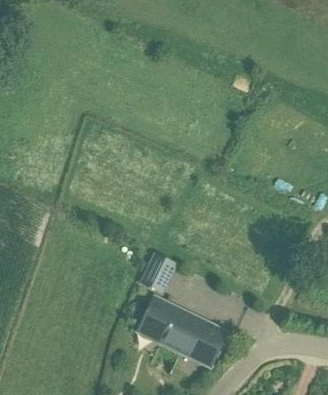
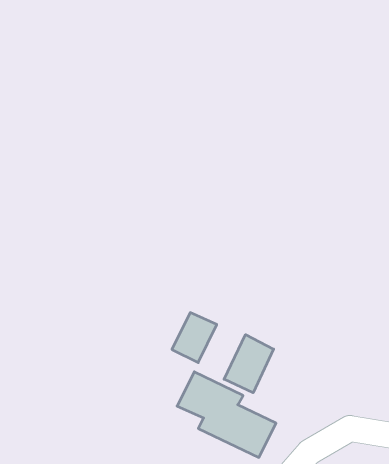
building: none -> [224,335,274,393]

